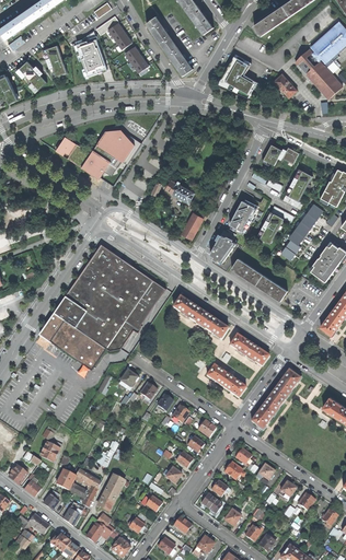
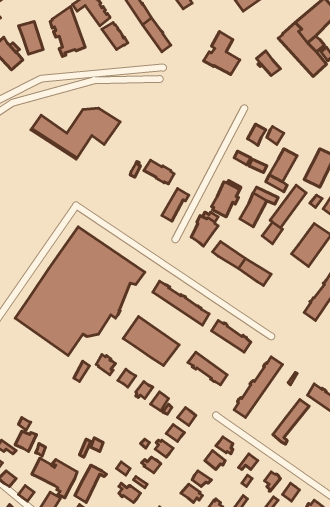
building: none -> [123,316,179,366]
building: none -> [273,399,309,444]

